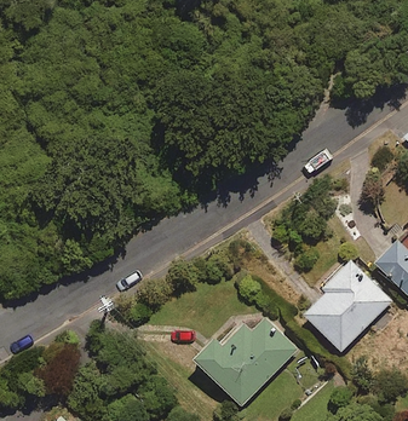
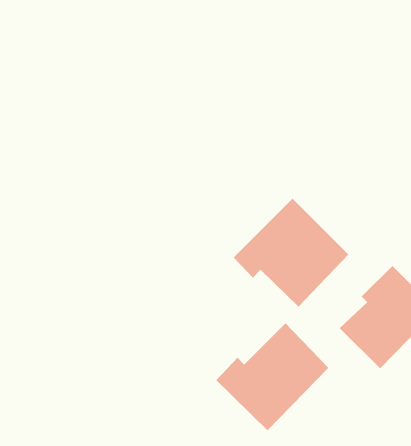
building: none -> [233,198,349,307]

